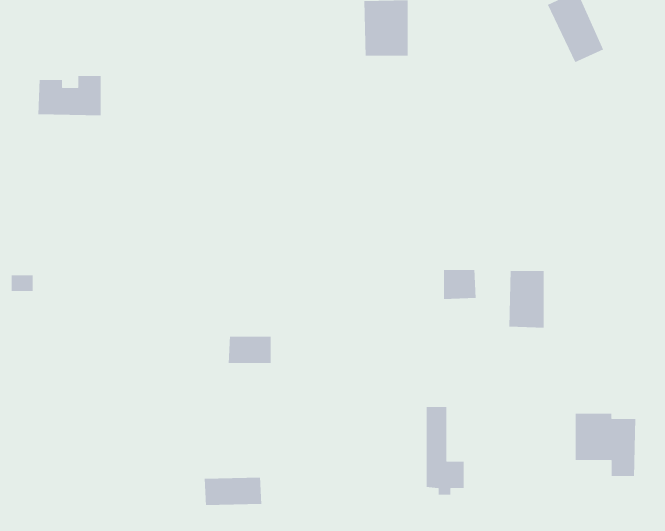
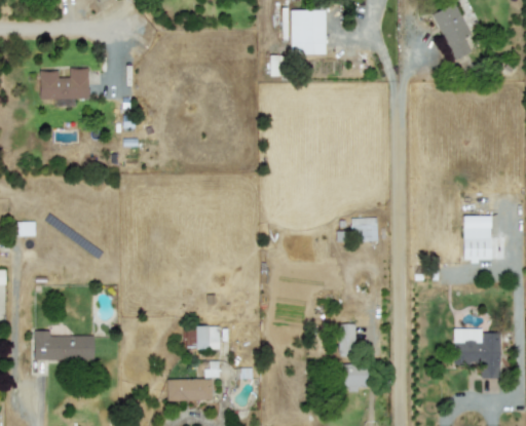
building: [509,270,545,329] -> [463,216,491,261]
building: [228,336,272,364] -> [186,326,220,348]
building: none -> [34,331,95,360]

